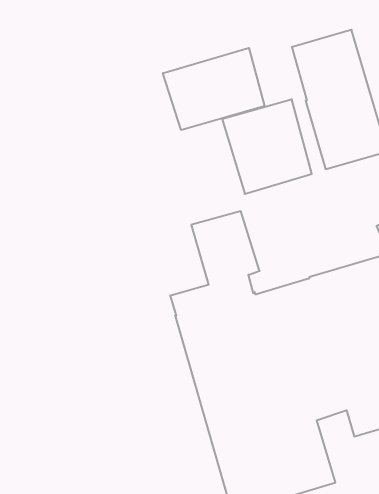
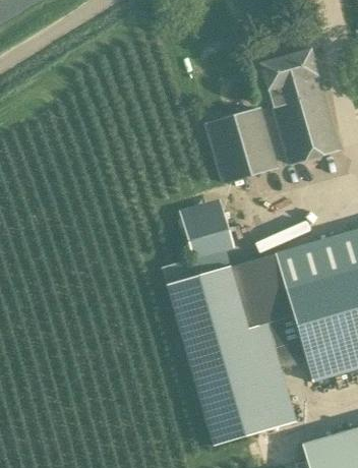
building: [163,48,265,130] -> none

